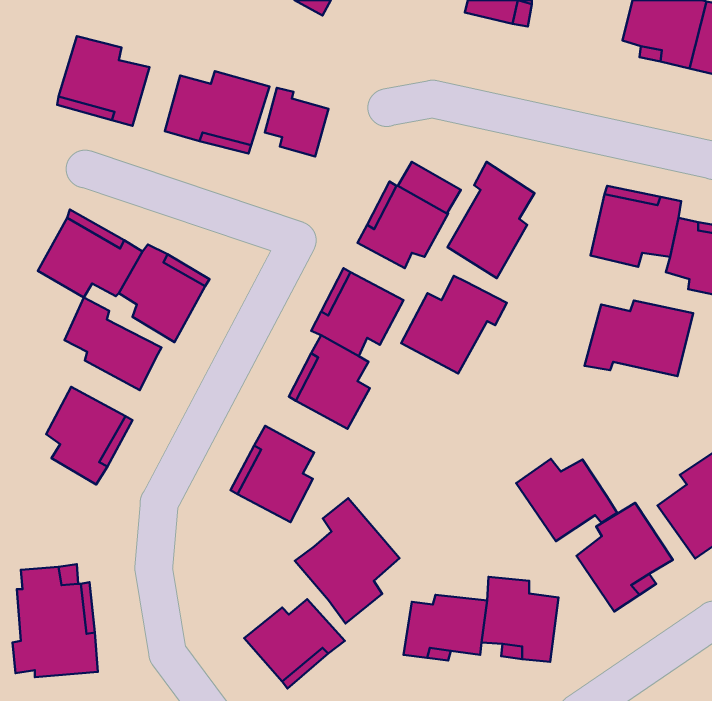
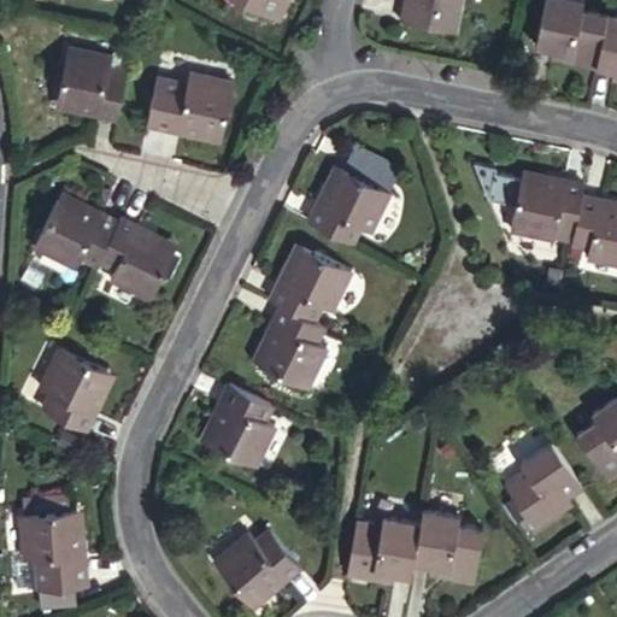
building: [265,88,329,157] -> none
building: [447,162,534,278] -> none
building: [401,276,507,373] -> none
building: [64,297,161,390] -> none
building: [585,301,693,376] -> none
building: [516,459,617,541] -> none
building: [295,498,400,623] -> none

